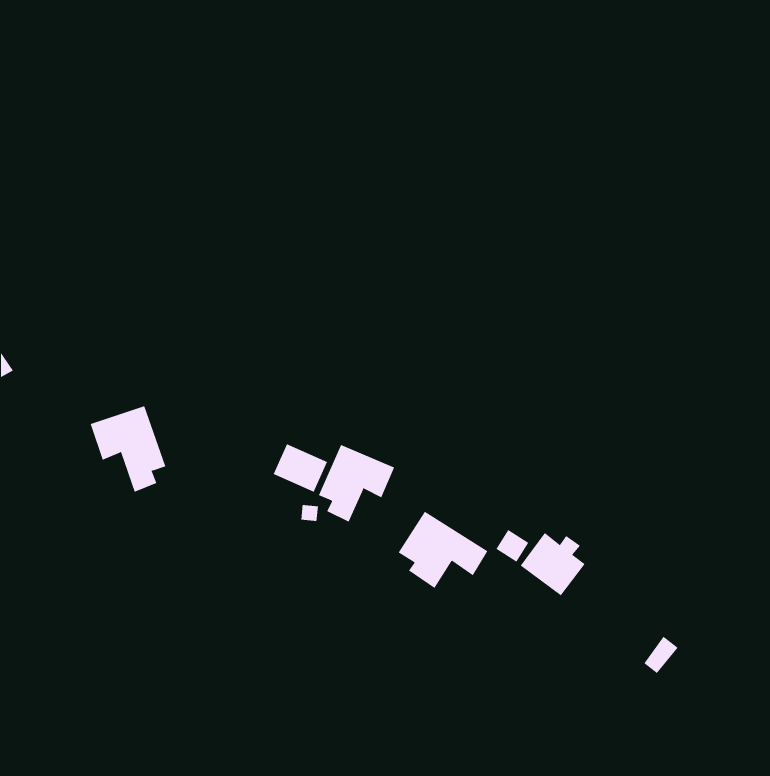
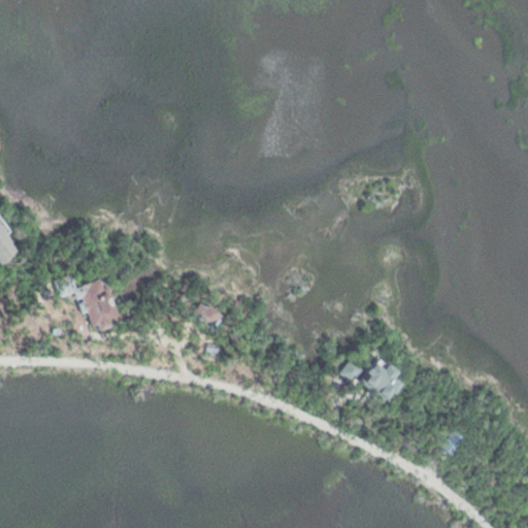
building: [318,444,395,522] -> none
building: [398,511,488,589] -> none

